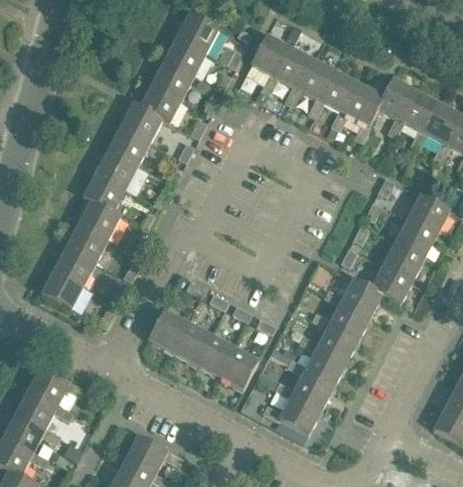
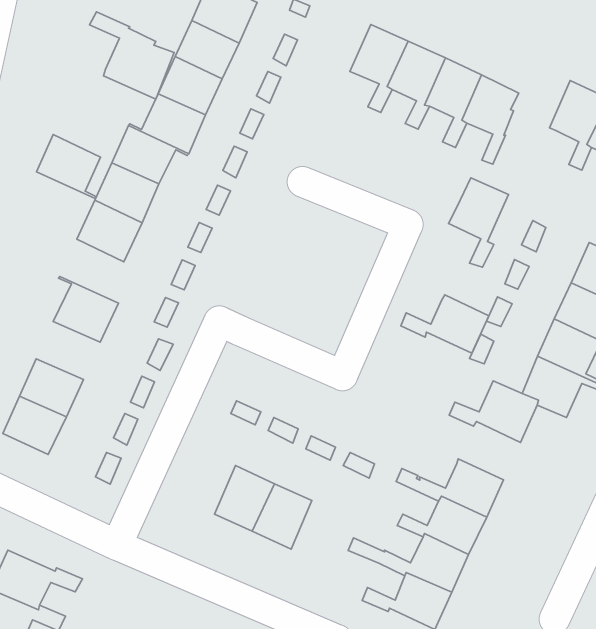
building: none -> [90,12,174,99]
building: [253,34,291,91] -> none
building: [376,77,416,135] -> [448,178,508,267]
building: [84,172,125,214] -> [37,135,100,198]
building: [65,223,107,262] -> none
building: [314,303,370,341] -> [401,295,489,353]
building: [149,310,188,352] -> none
building: [220,347,260,389] -> none

